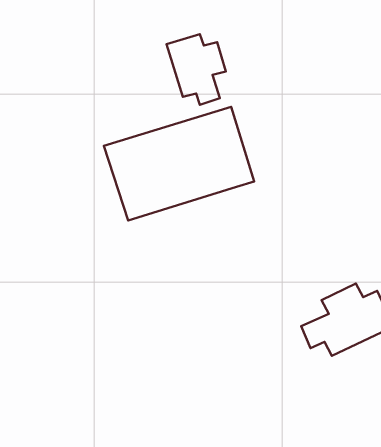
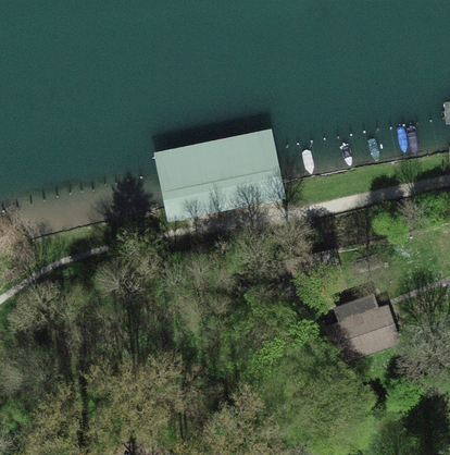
building: [166,34,226,105] -> none

